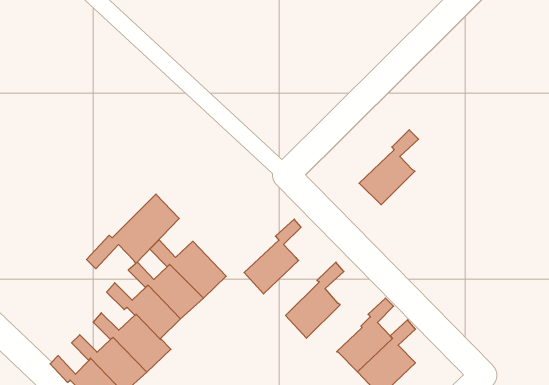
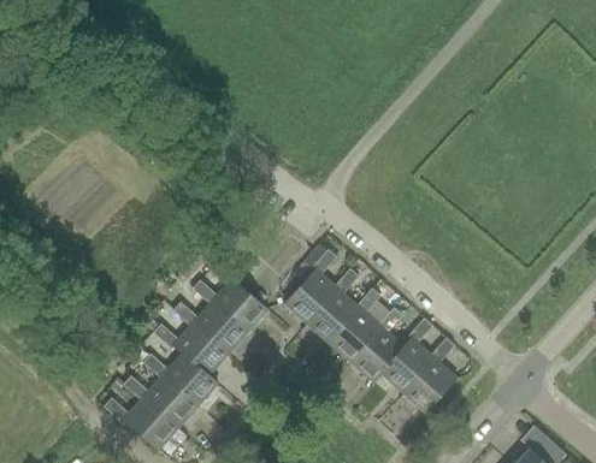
building: [359,130,419,205] -> [305,267,359,342]
building: [87,194,179,269] -> none
building: none -> [349,308,402,382]

